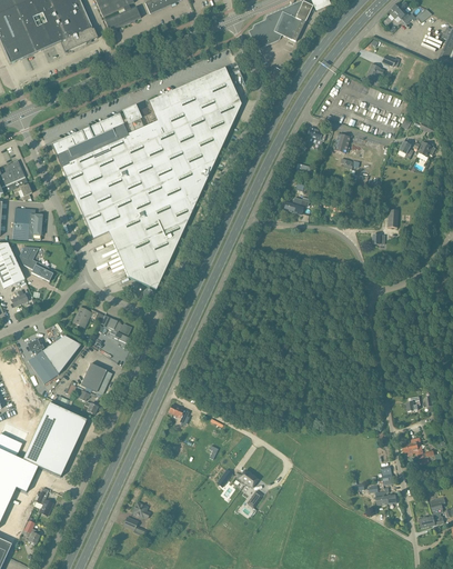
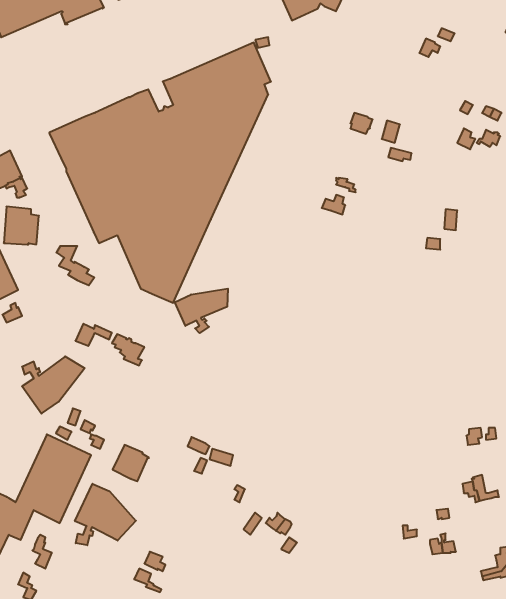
building: [21,247,53,280] -> [56,246,94,285]
building: none -> [175,289,228,333]
building: [81,362,112,393] -> [113,445,149,481]
building: none -> [75,484,136,545]

